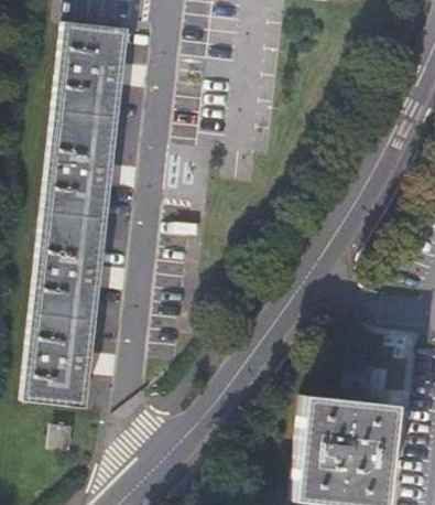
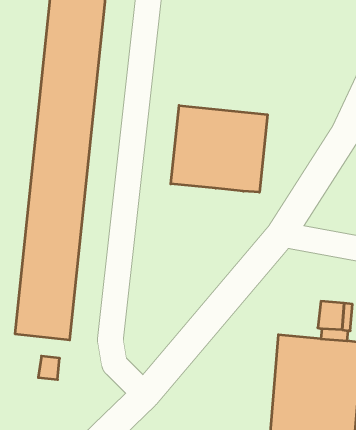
building: none -> [171,105,267,192]

